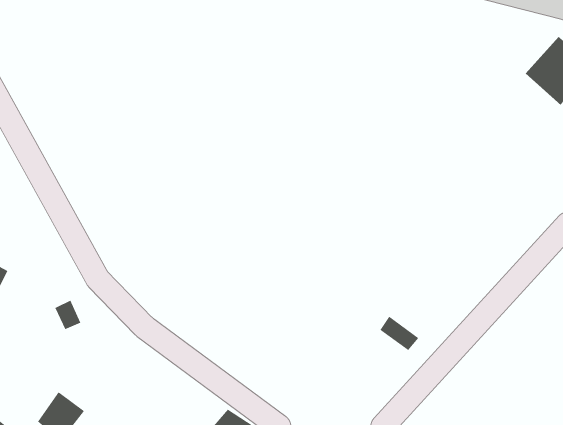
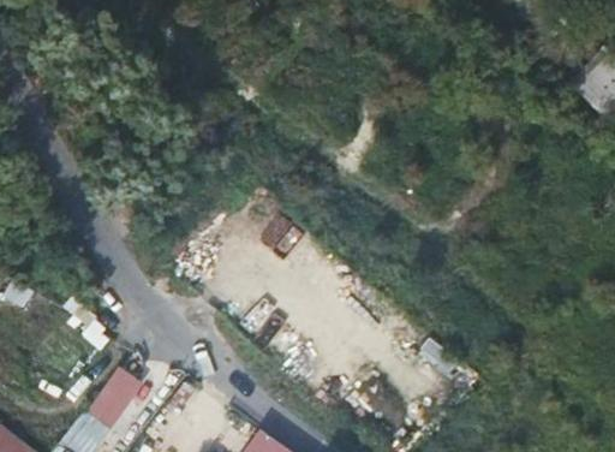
building: none -> [88,371,145,434]

